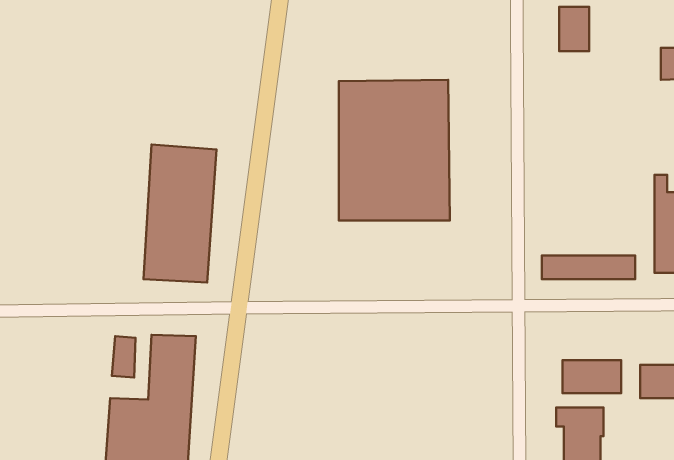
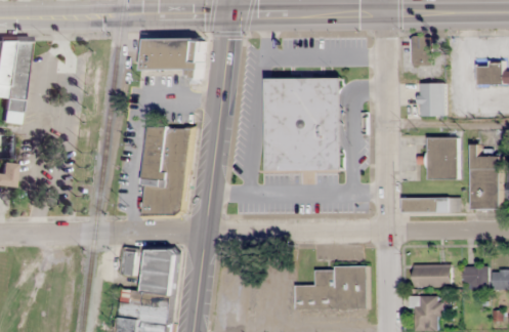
building: none -> [142,39,200,73]
building: none -> [419,83,443,115]
building: none -> [427,136,458,179]
building: none -> [294,266,368,309]

